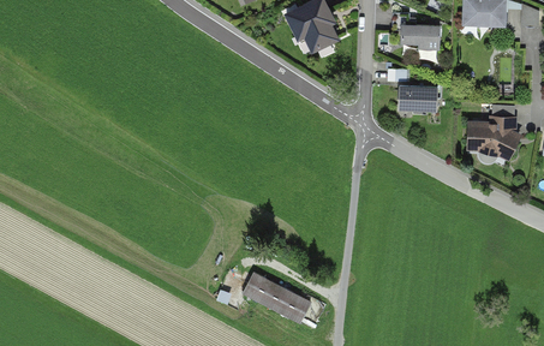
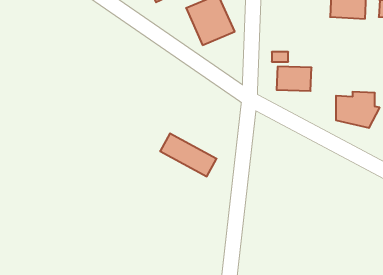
building: [397,24,442,47] -> none
building: [241,268,311,321] -> [160,133,217,176]

